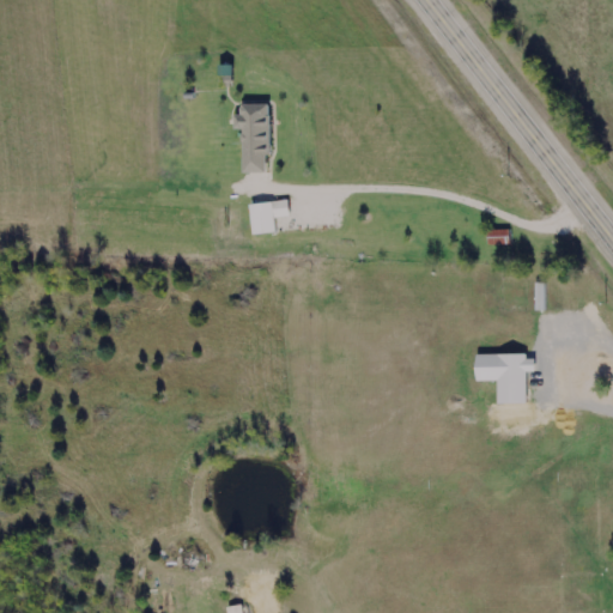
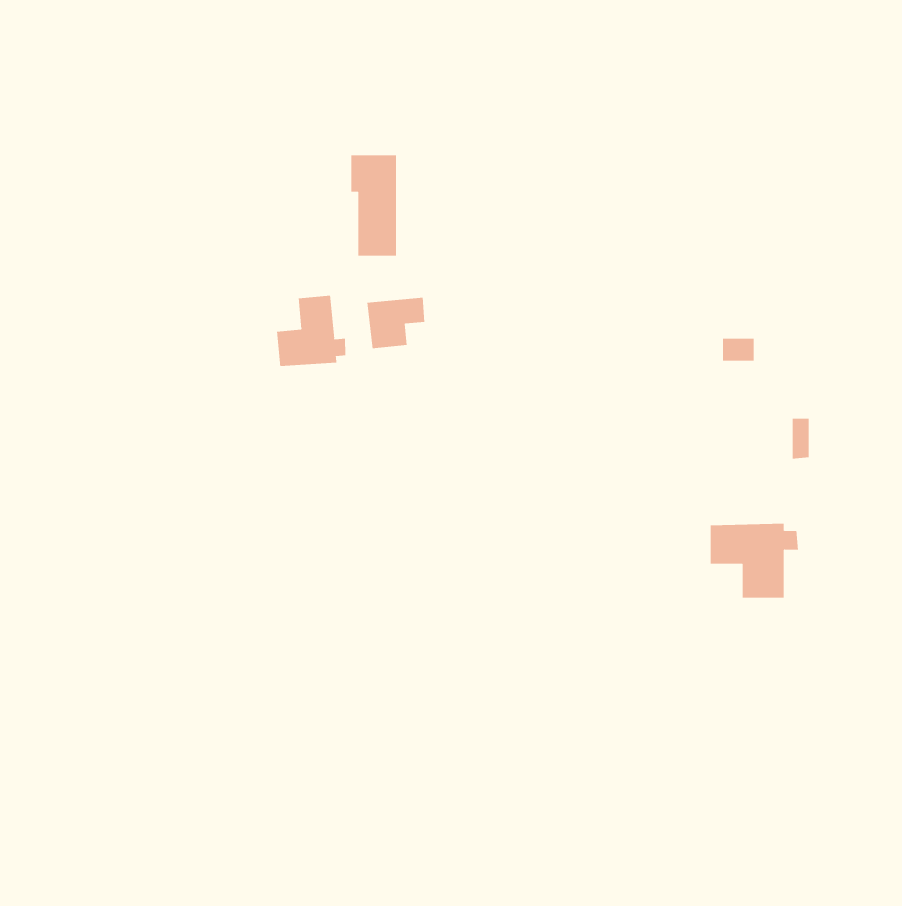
building: none -> [277,295,346,367]

